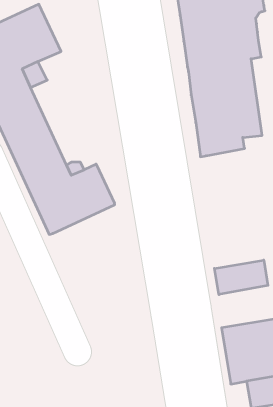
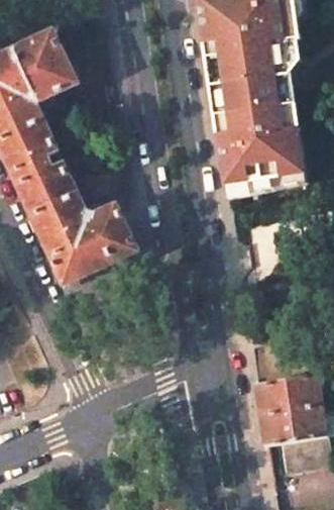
building: [214,260,268,295] -> none

